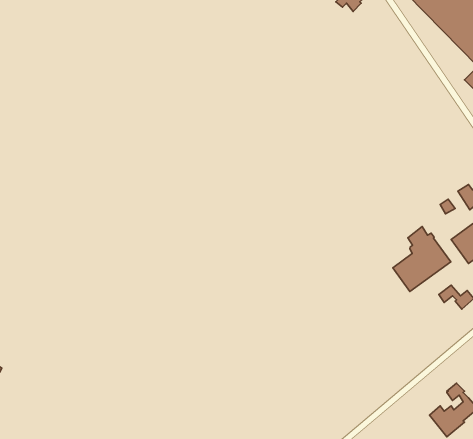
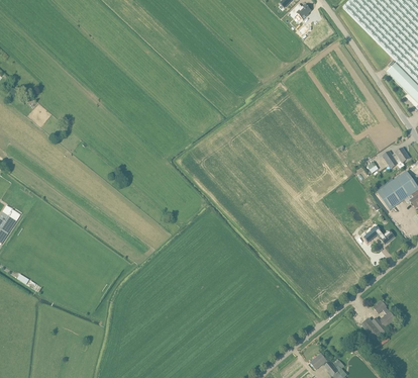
building: [393,226,451,292] -> none

